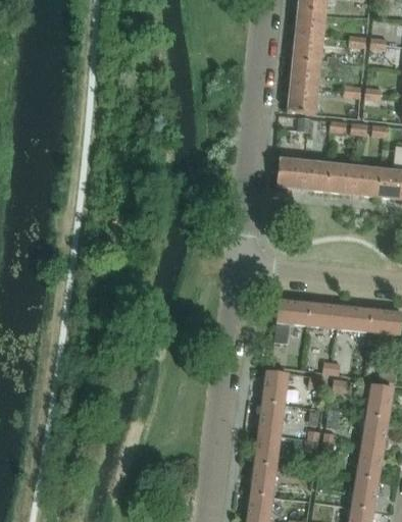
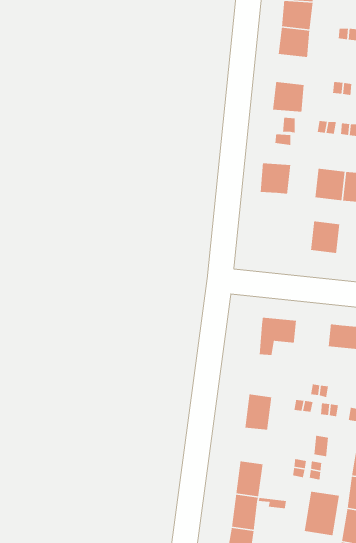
building: [291,59,320,87] -> none
building: [302,160,330,191] -> [310,221,340,254]
building: [308,303,341,327] -> none
building: [258,402,284,434] -> none
building: none -> [304,491,340,536]

